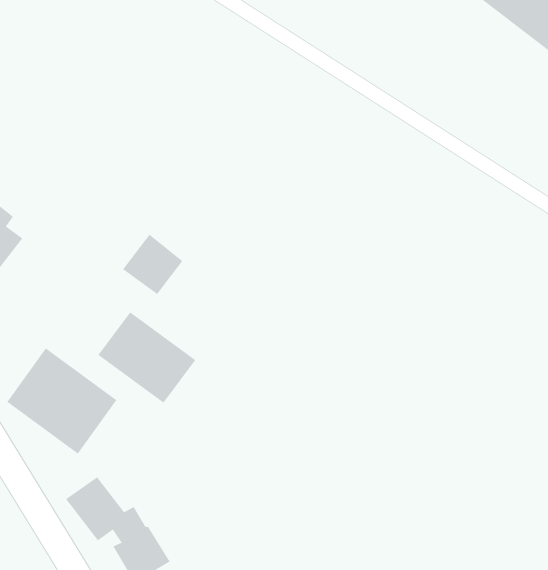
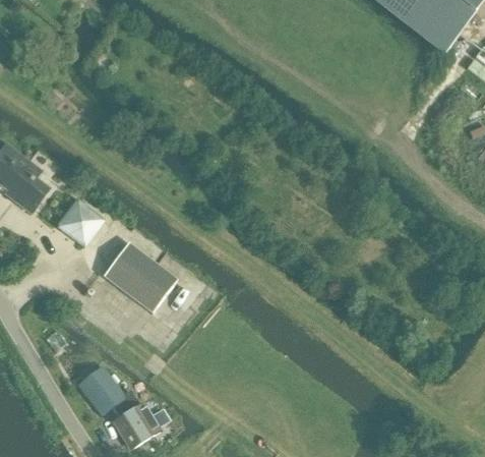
building: [122,234,183,295] -> [56,199,102,245]
building: [6,348,117,454] -> none

